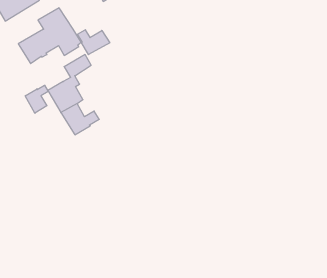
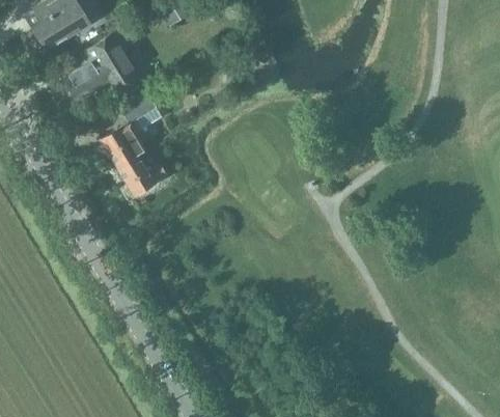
building: [78,30,110,55] -> none
building: [25,85,48,113] -> none

